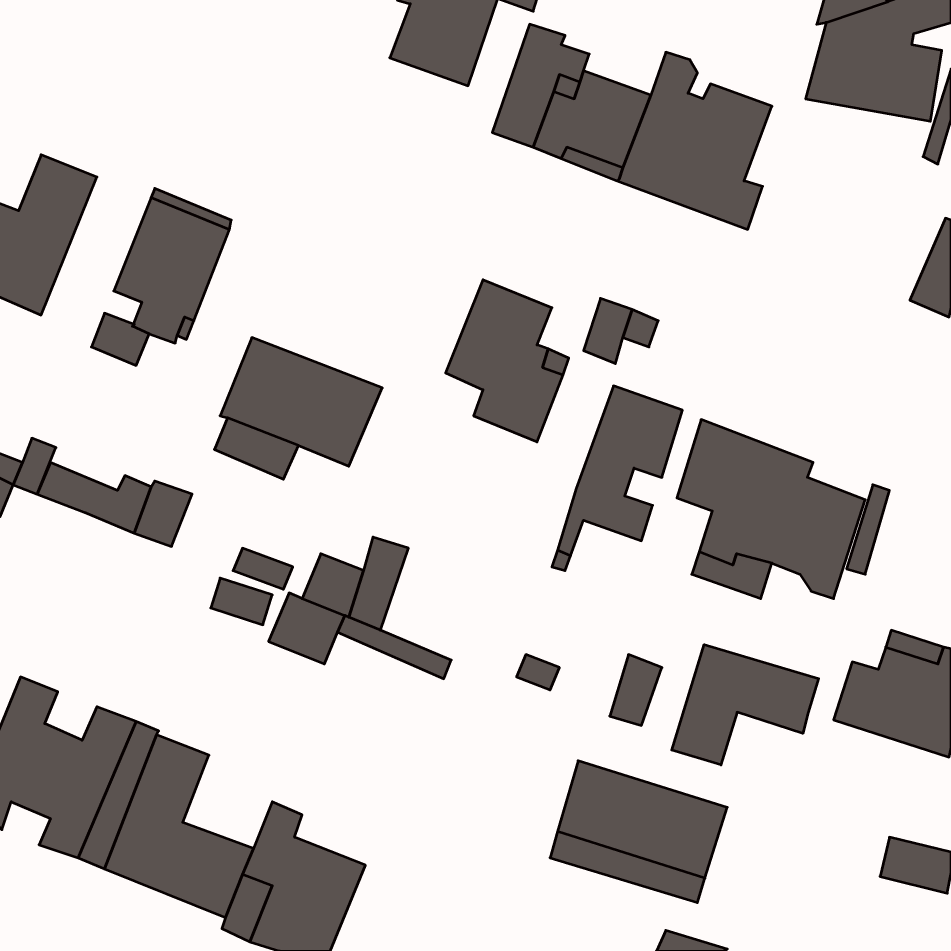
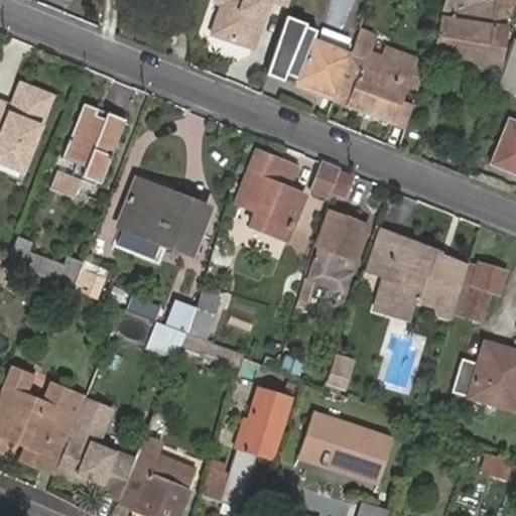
building: none -> [468,261,507,316]
building: [672,645,819,765] -> none
building: none -> [201,389,290,507]

